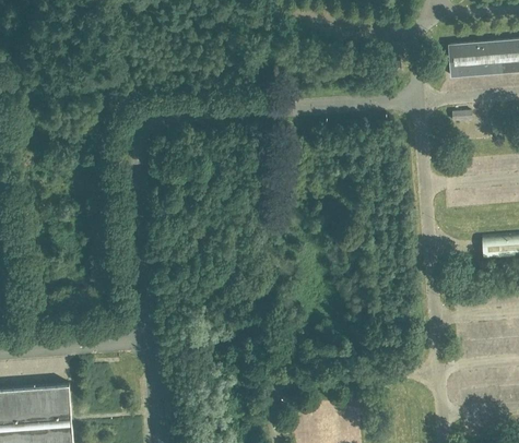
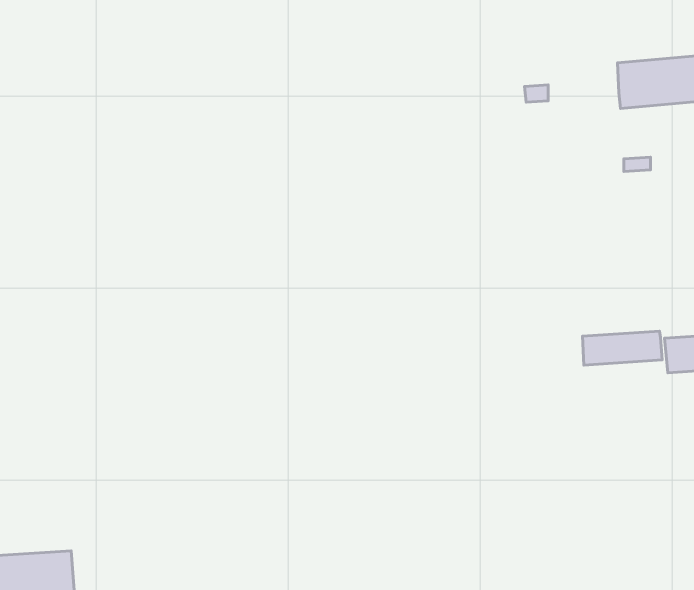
building: none -> [583,331,662,365]

